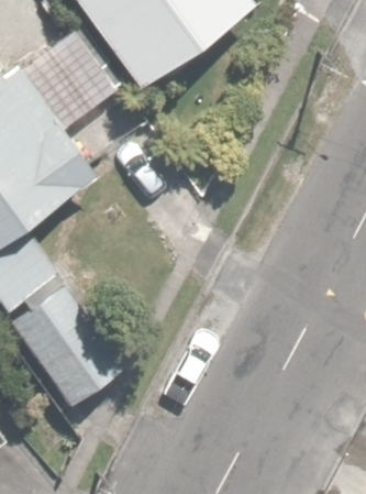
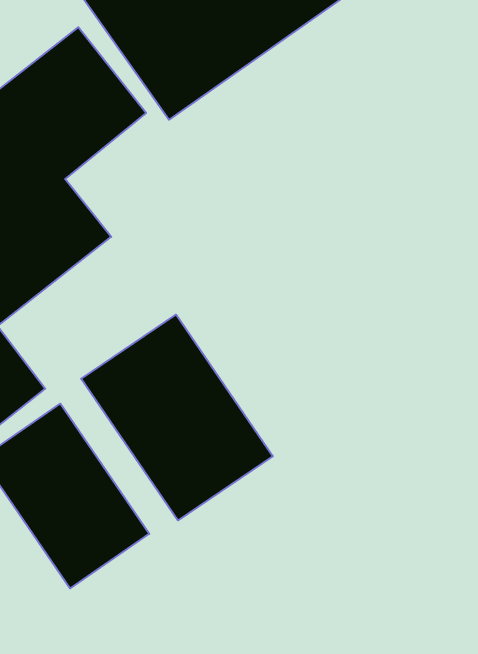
building: none -> [81,315,273,520]

